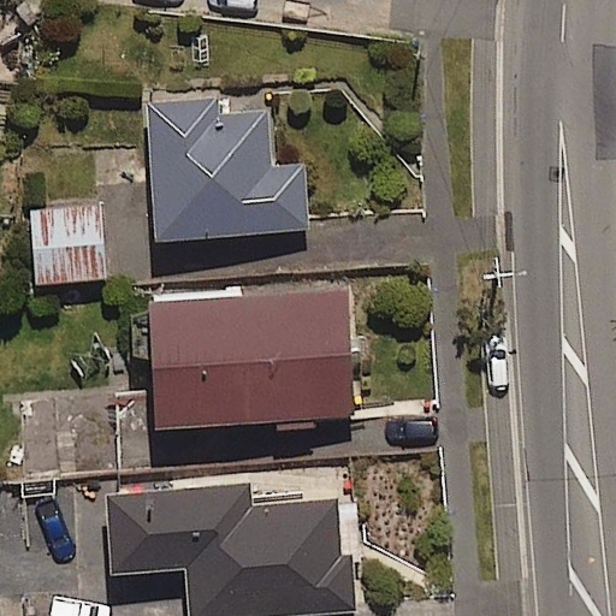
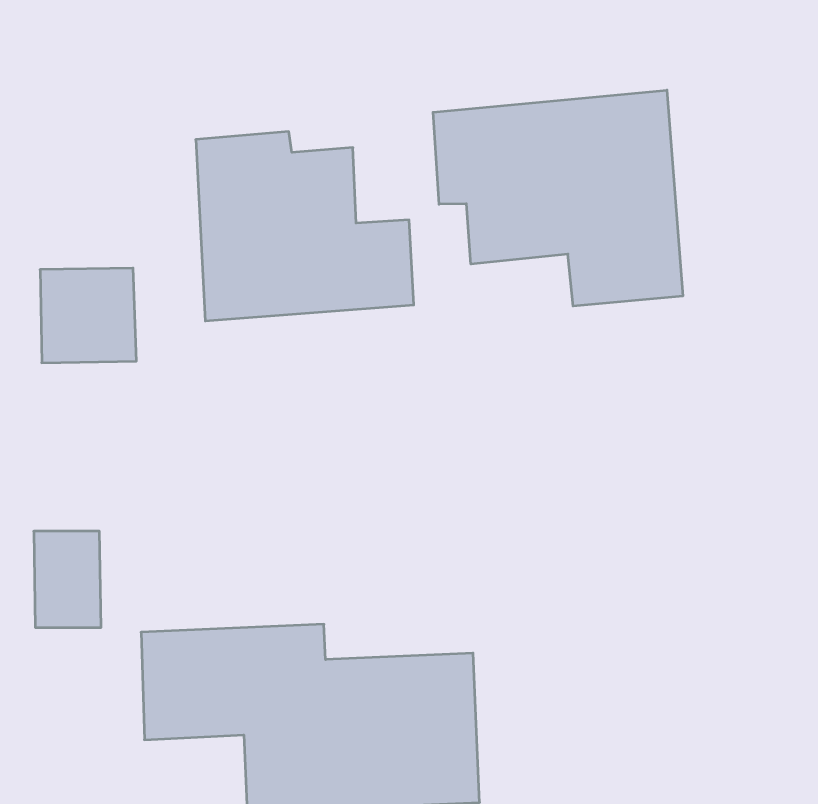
building: none -> [433,90,683,306]
building: [149,291,350,417] -> none

